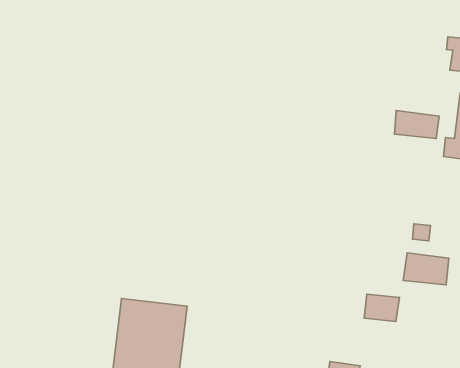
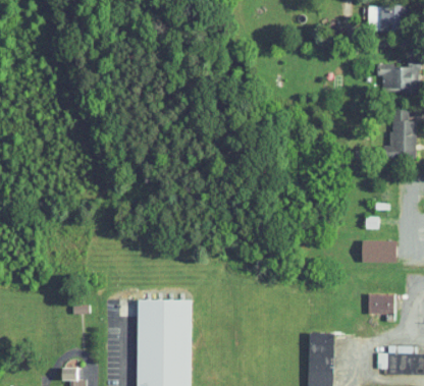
building: [394,111,439,138] -> none
building: [364,294,400,321] -> [369,293,395,313]

